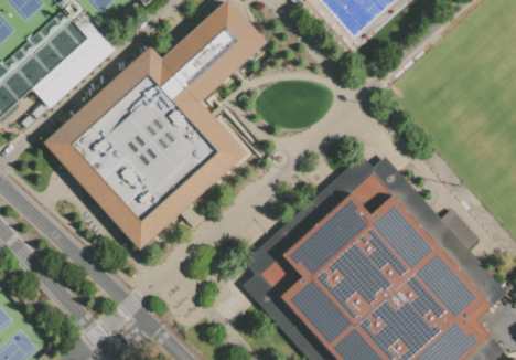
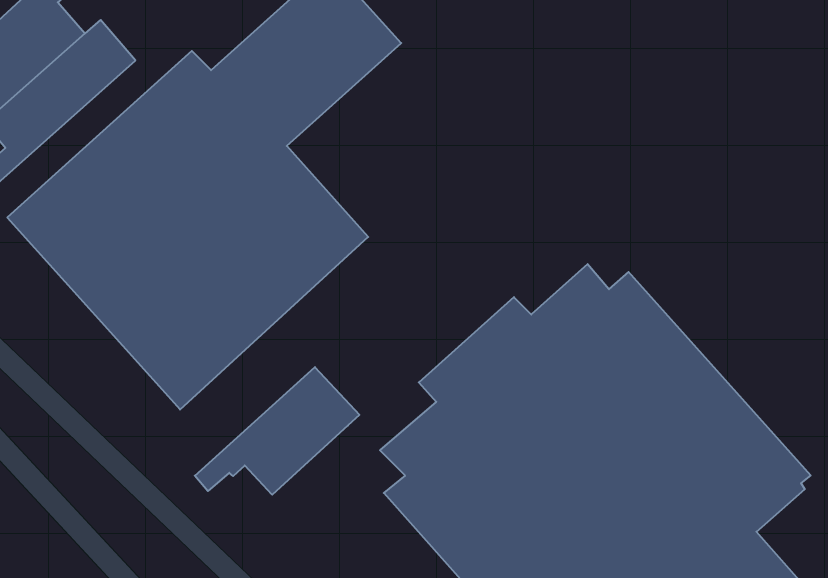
building: none -> [195,367,359,495]

